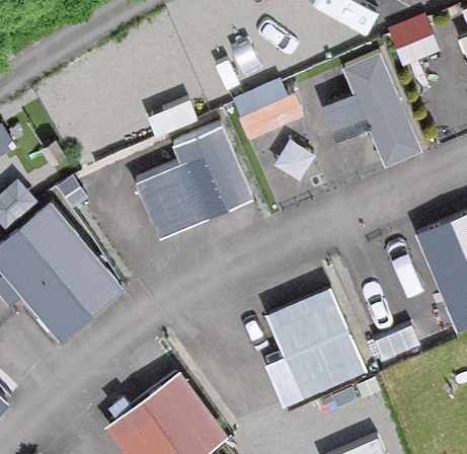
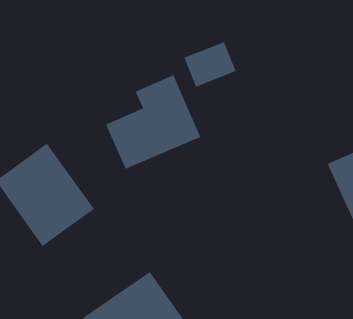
building: [335,52,415,161] -> none
building: [261,285,367,402] -> none

